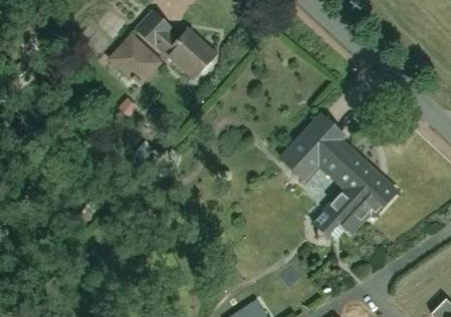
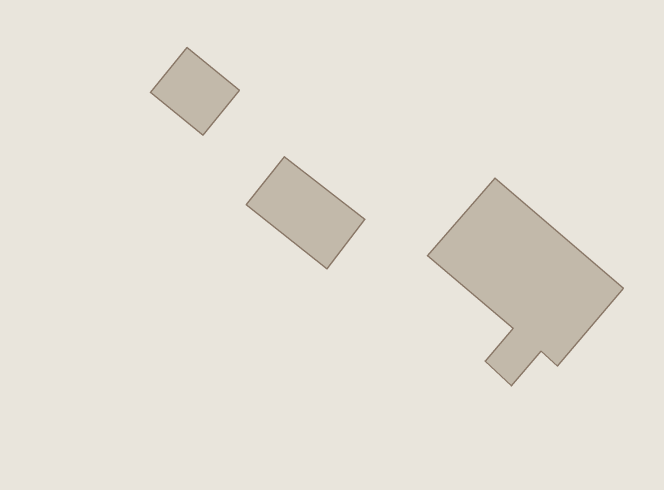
building: [146,10,218,78] -> [246,157,365,269]

